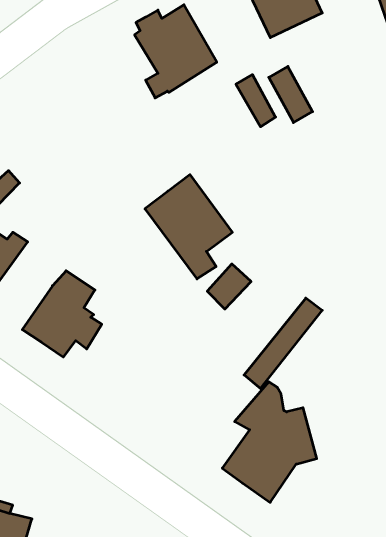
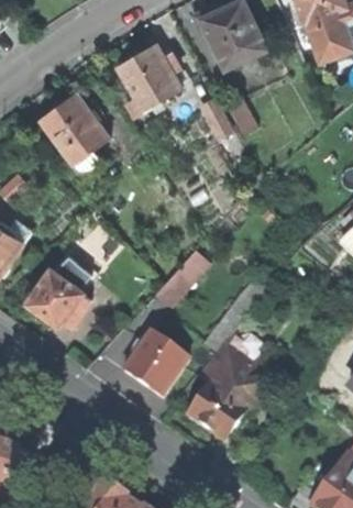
building: [145,175,232,279] -> [38,91,109,175]
building: none -> [124,332,189,397]

